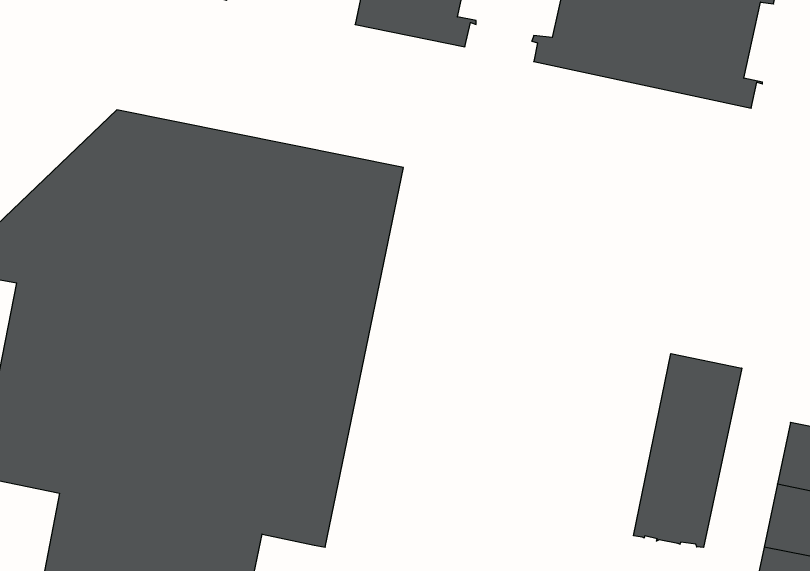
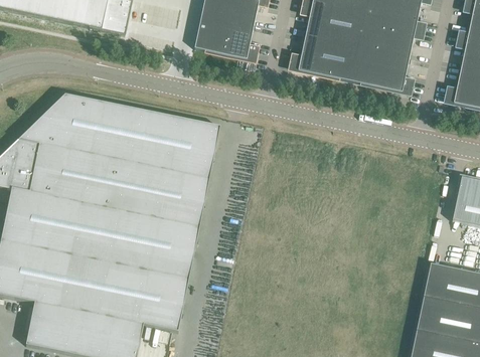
building: [634,354,742,547] -> none

